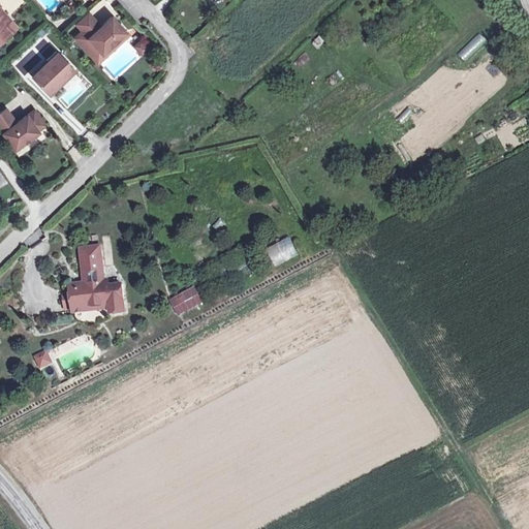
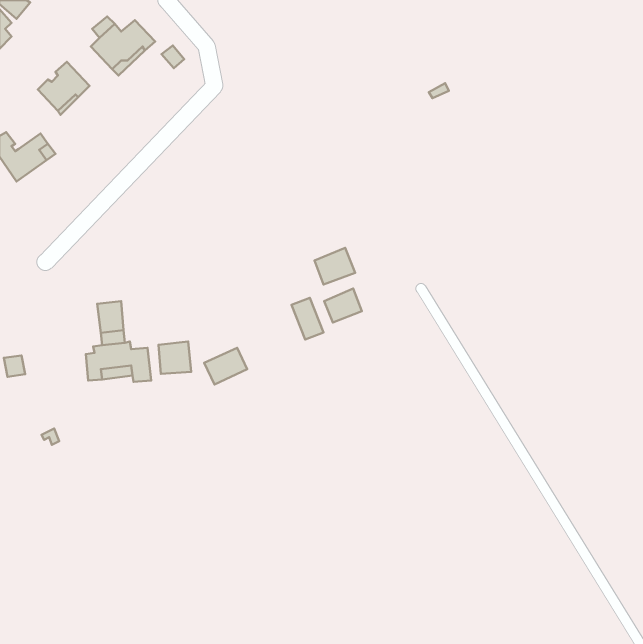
building: none -> [314,248,355,284]
building: none -> [291,298,323,340]
building: none -> [158,341,191,374]

